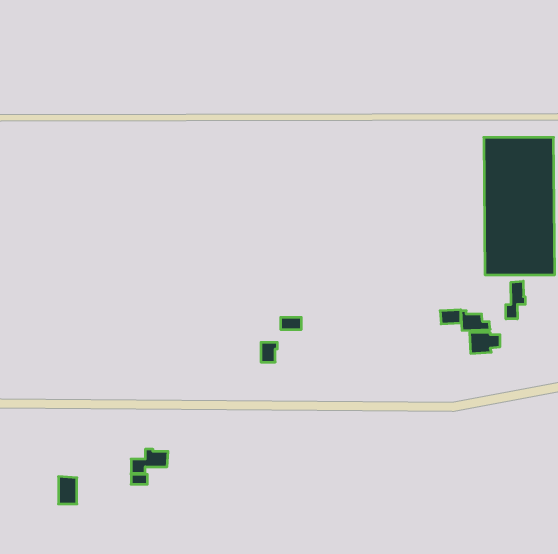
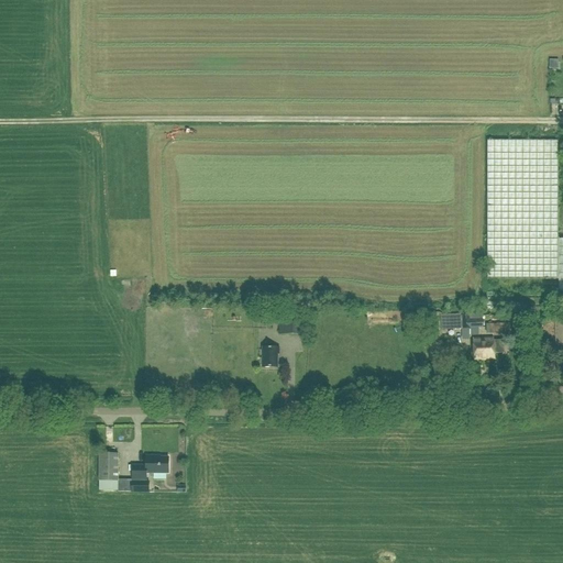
building: [506,281,525,319] -> none
building: [58,477,77,504] -> [99,451,118,478]

